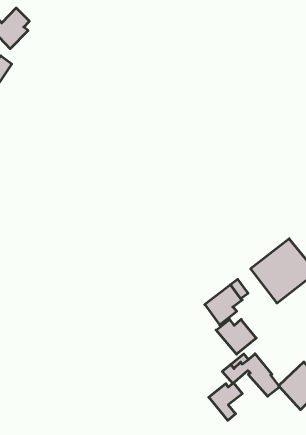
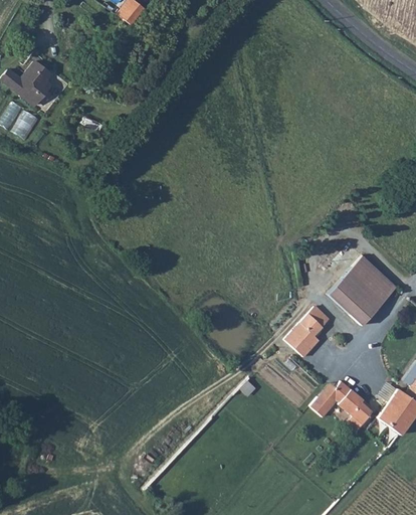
building: [216,319,256,354] -> none
building: [209,383,242,420] -> none

